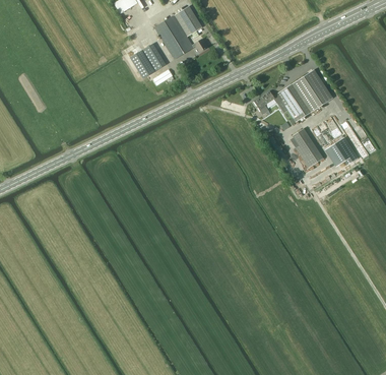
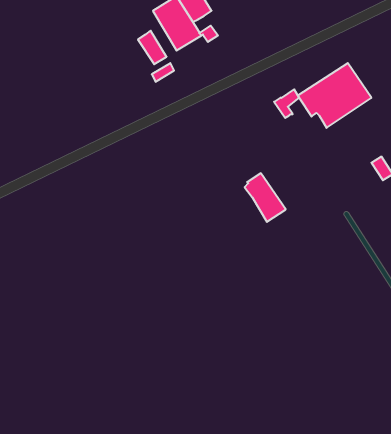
building: [130,50,155,78] -> none
building: [290,128,323,168] -> [245,173,286,222]

